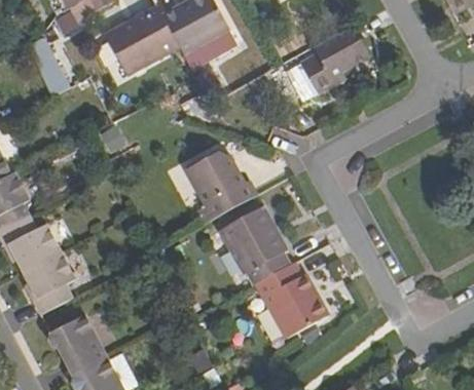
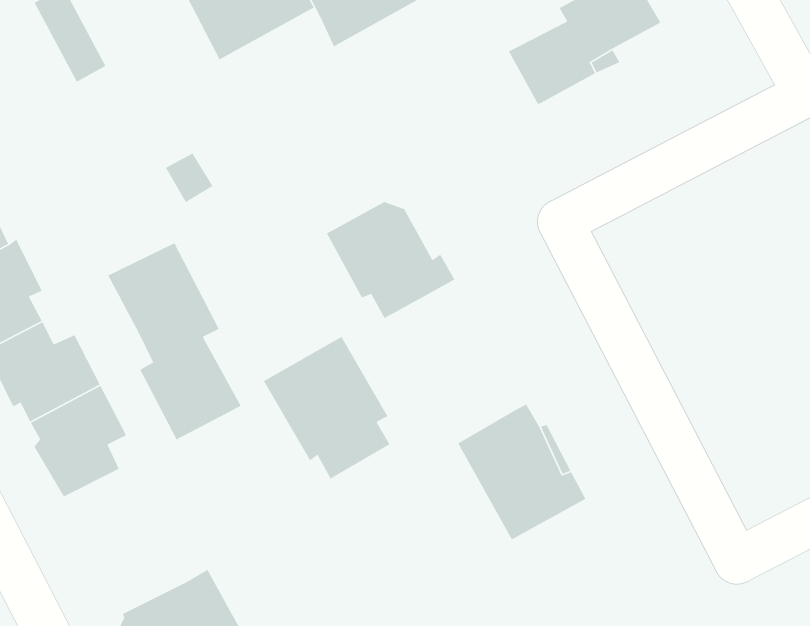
building: none -> [107,242,242,440]
building: [219,205,289,284] -> [263,336,390,480]
building: [48,314,108,377] -> none

